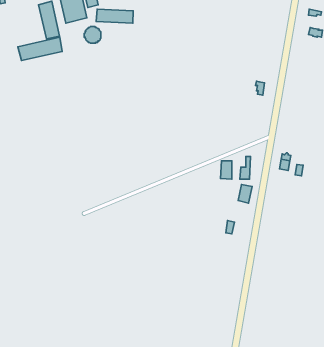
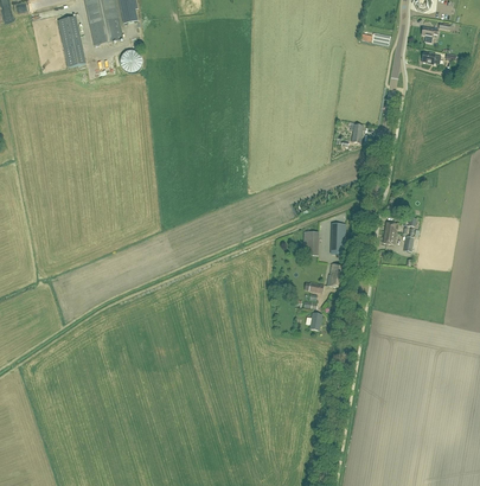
building: [96,9,133,23] -> none
building: [18,37,62,60] -> none

